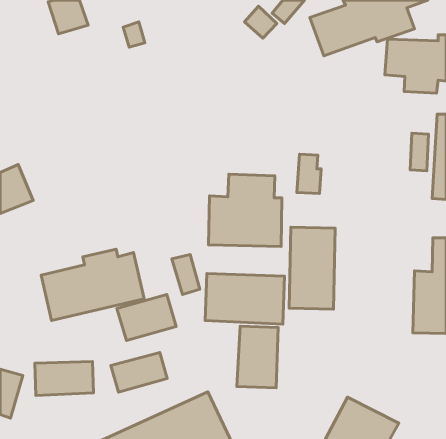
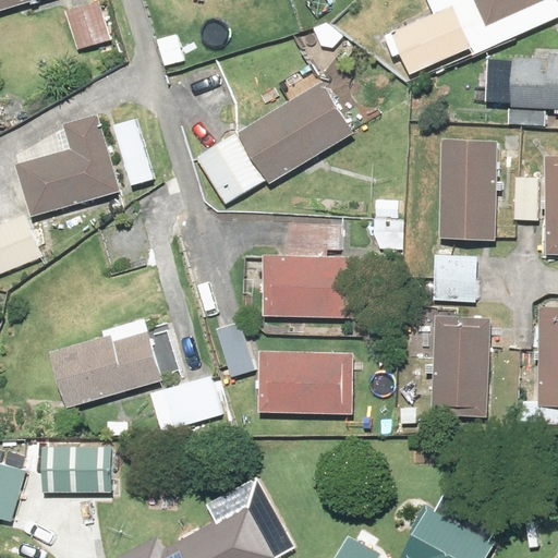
building: none -> [193,83,353,210]
building: none -> [15,114,123,217]
building: none -> [437,136,495,238]
building: none -> [433,254,476,299]
building: [289,227,335,309] -> [434,314,492,416]
building: [237,326,278,388] -> none
building: [111,353,167,392] -> none

